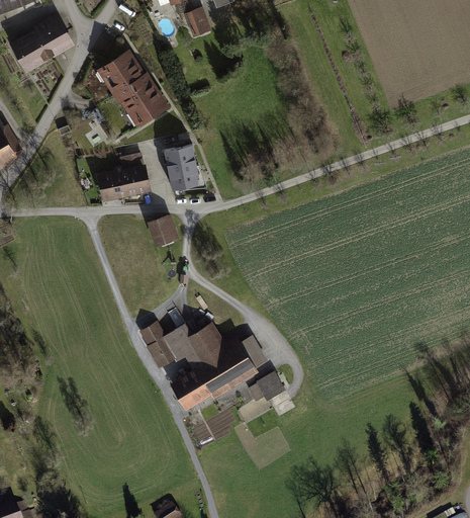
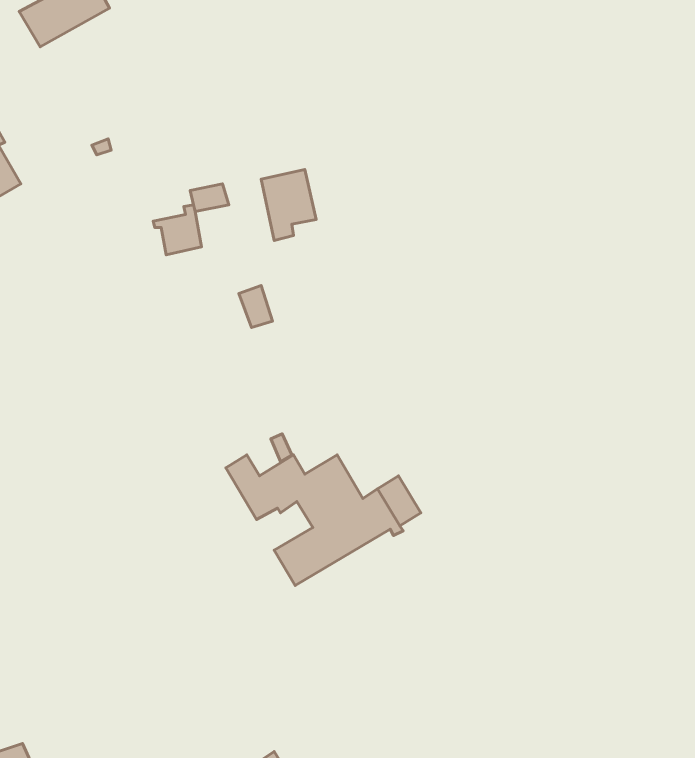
building: [102,53,167,124] -> none
building: [123,168,149,194] -> none
building: [250,374,284,400] -> none

